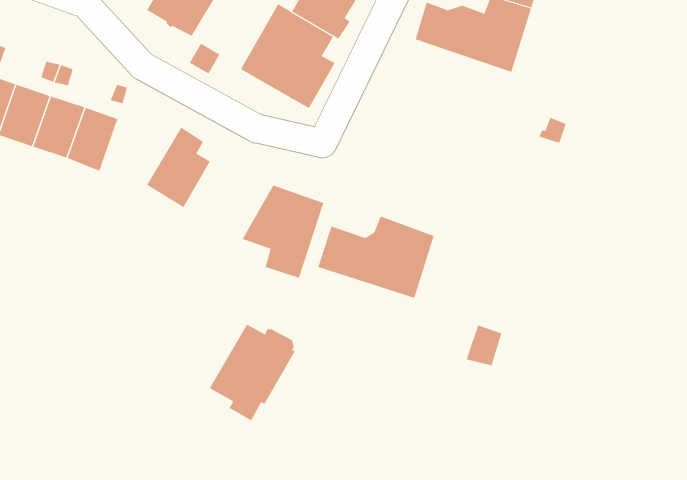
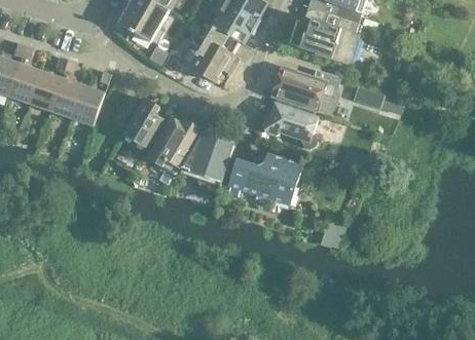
building: none -> [271,66,337,111]
building: none -> [262,102,315,147]
building: [209,324,296,421] -> [146,116,200,177]

